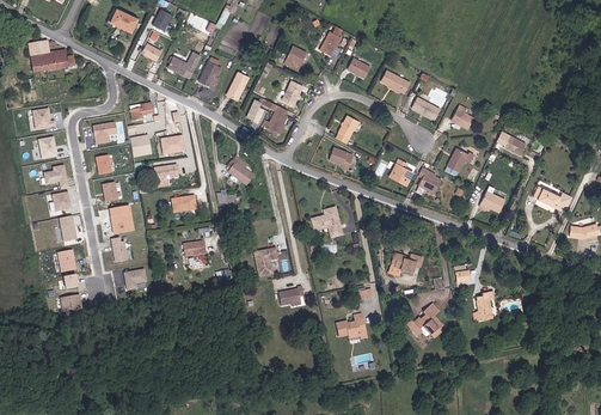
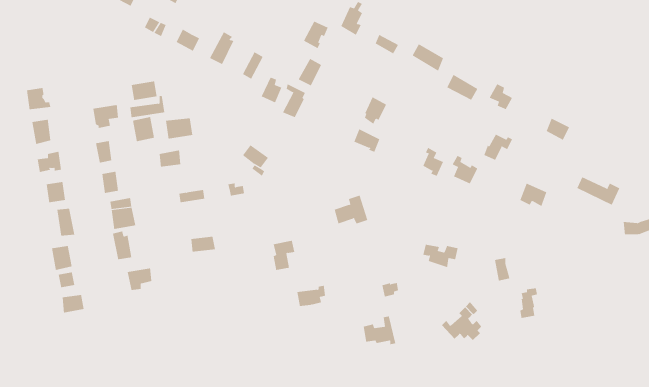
building: [29,41,75,73] -> none

